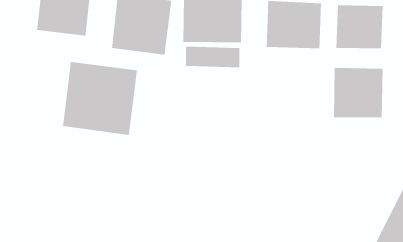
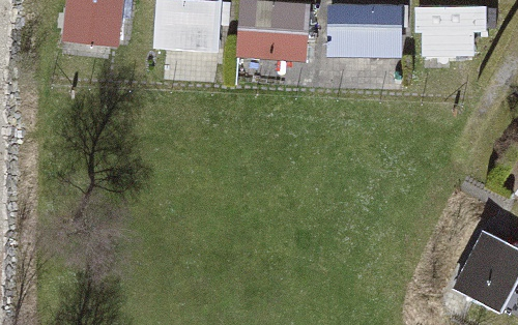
building: [62,61,138,136] -> none
building: [333,67,384,118] -> none

